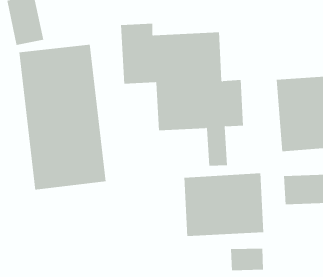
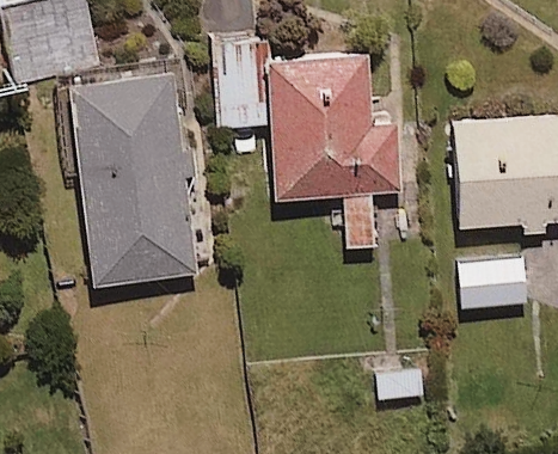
building: [184,172,264,237] -> none

